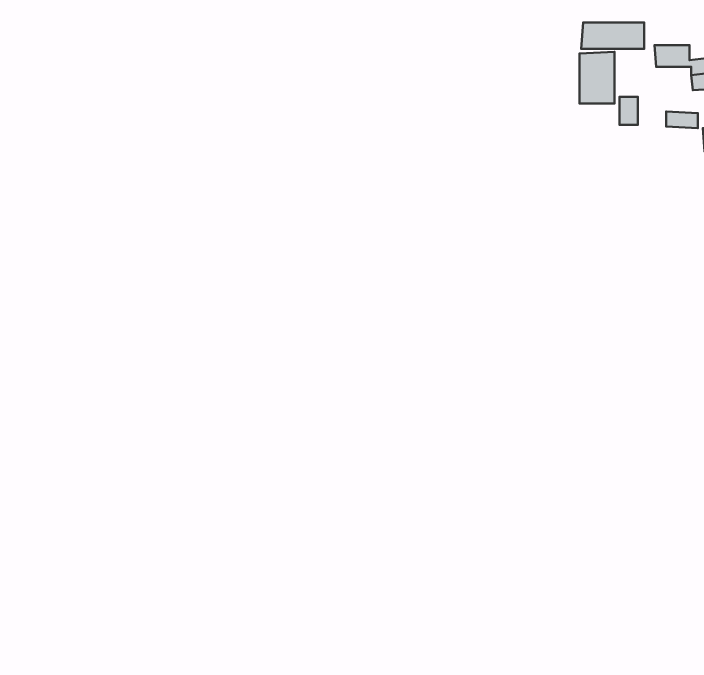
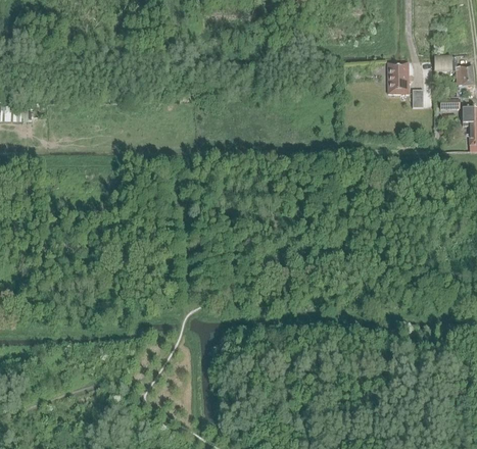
building: [581,22,644,49] -> none

